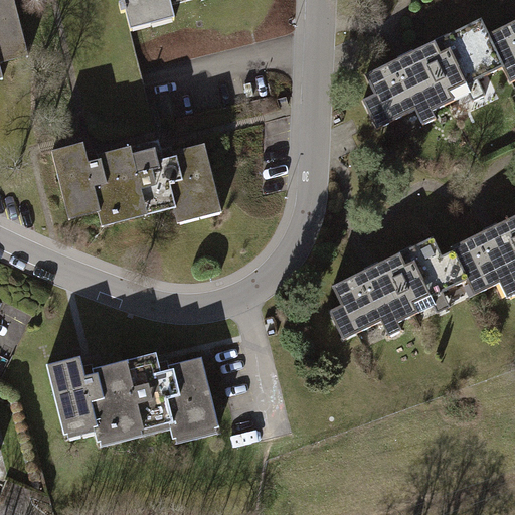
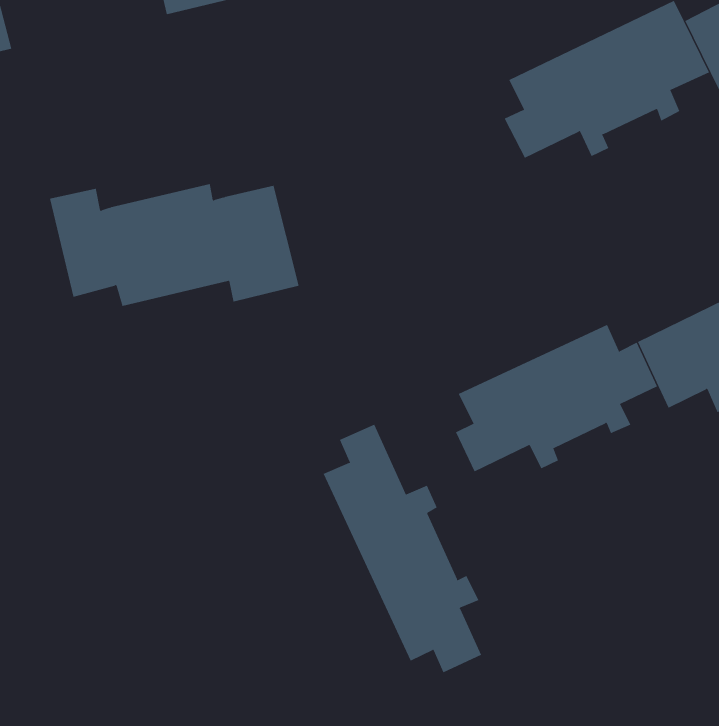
building: none -> [323,424,482,673]
building: [48,354,220,444] -> none

